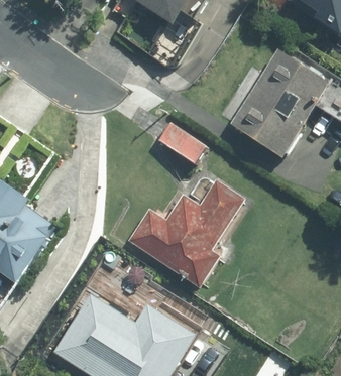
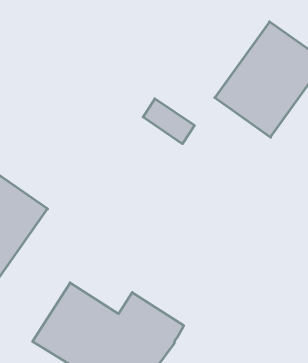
building: [133,183,255,287] -> none

